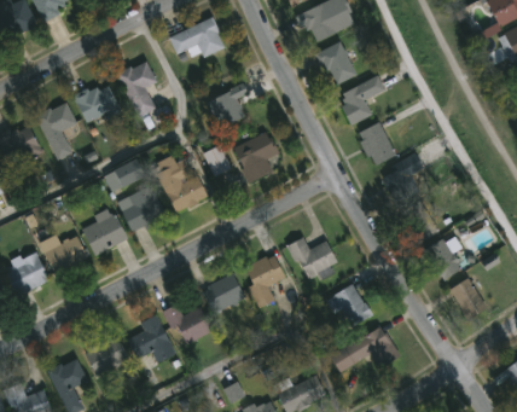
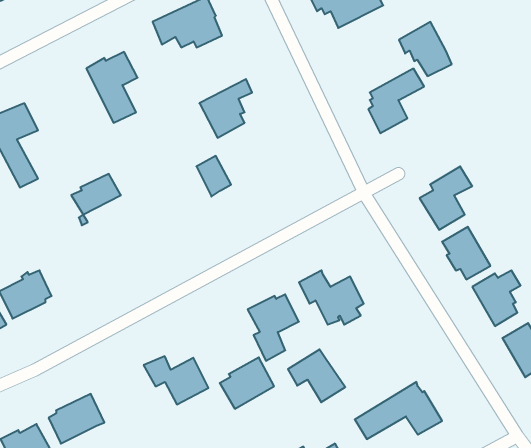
building: [315,40,358,83] -> [399,22,452,76]
building: [72,85,122,122] -> none
building: [359,121,397,166] -> none
building: [233,132,280,184] -> none
building: [155,158,209,211] -> none
building: [118,185,167,231] -> none
building: [83,208,128,255] -> none
building: [202,273,245,314] -> [220,357,274,409]
building: [327,284,373,326] -> [288,349,345,402]
building: [127,314,176,364] -> none

